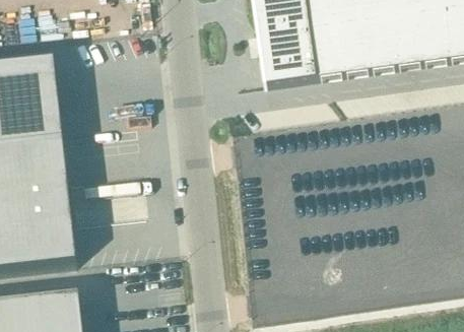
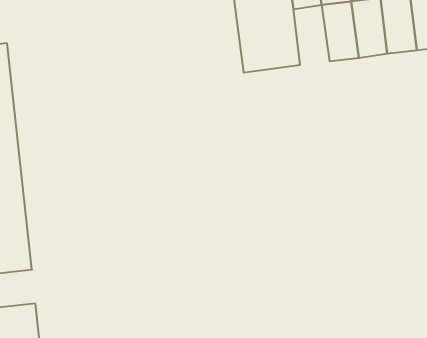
building: [309,21,341,75] -> none

